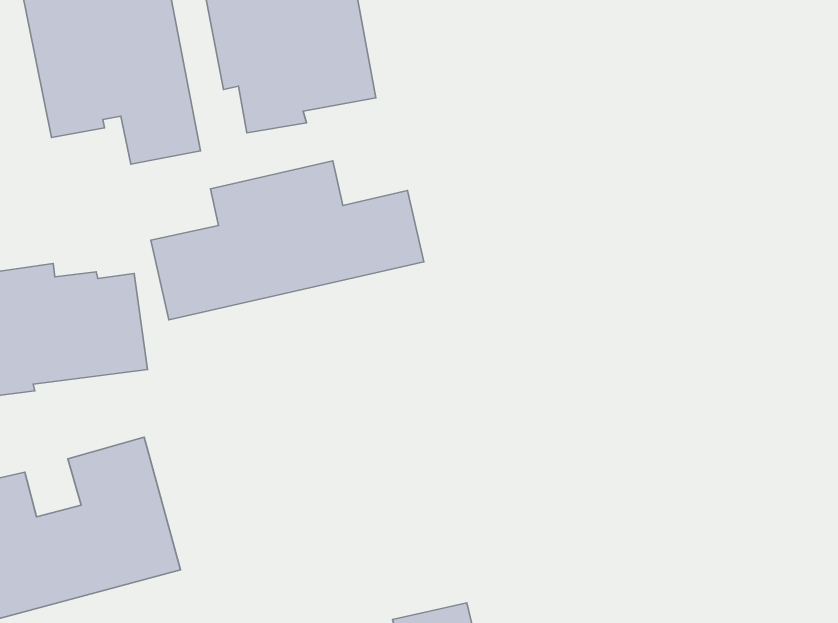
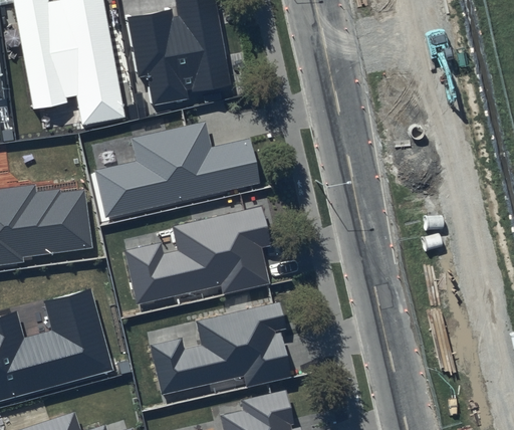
building: none -> [124,206,271,304]
building: none -> [149,299,293,398]

